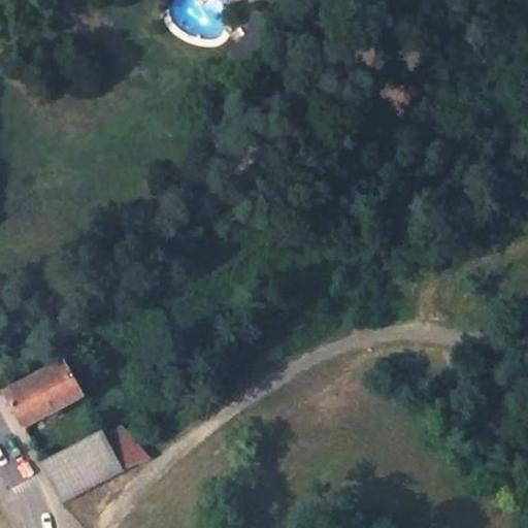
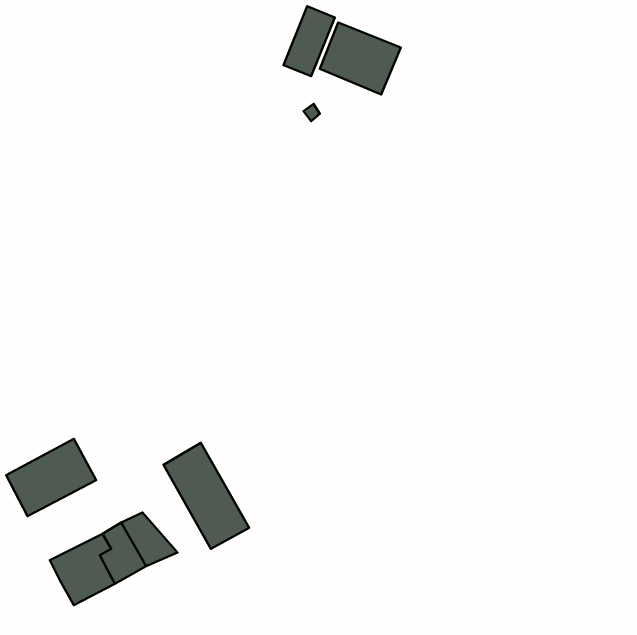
building: none -> [320,22,401,94]
building: none -> [163,443,249,549]

